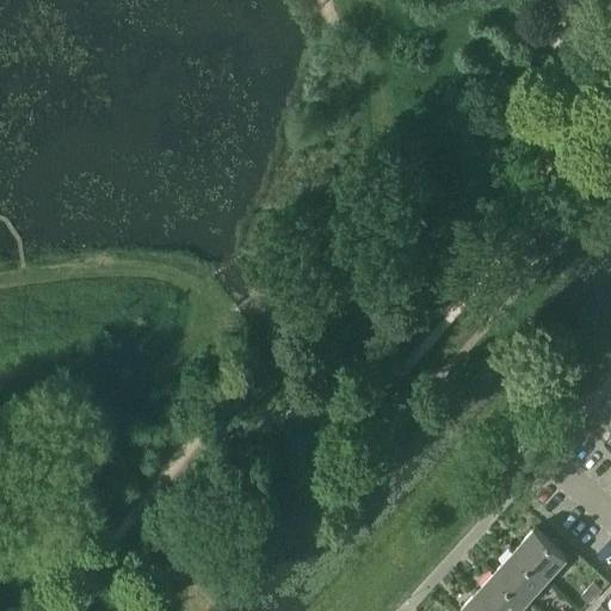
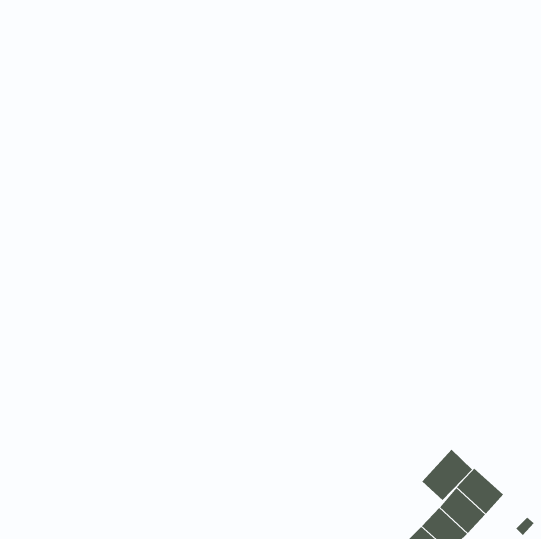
building: none -> [421,449,473,501]

